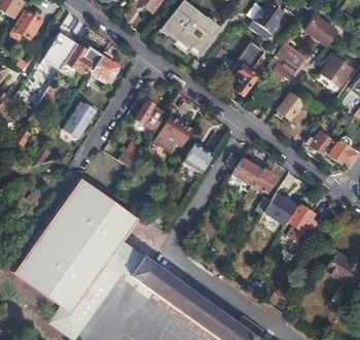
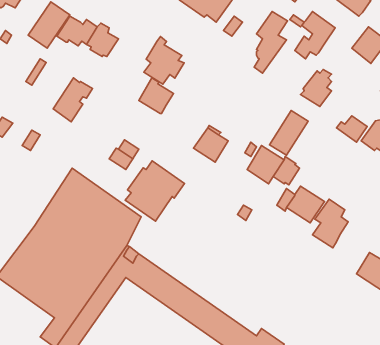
building: [154,108,189,149] -> [144,37,184,84]
building: none -> [270,110,308,155]
building: none -> [125,161,185,221]

